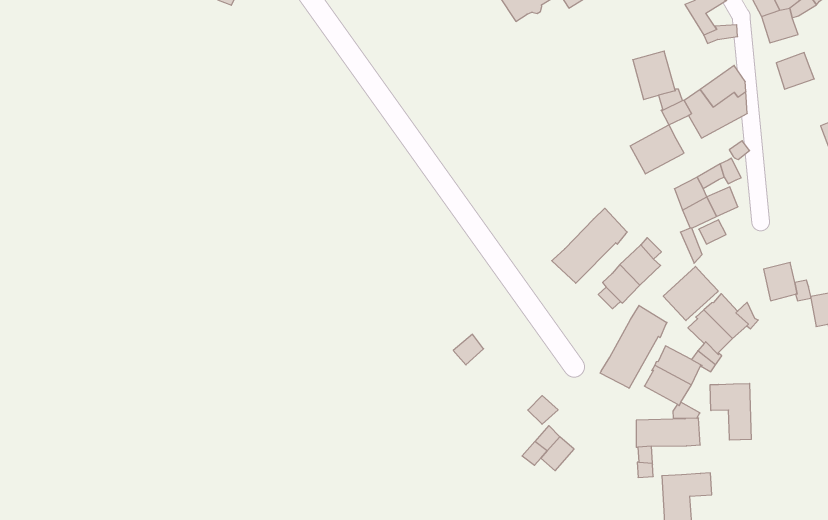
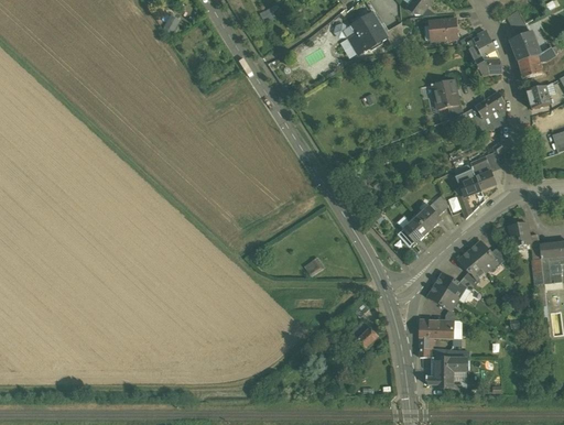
building: [630,125,684,174] -> none
building: [552,208,627,283] -> none
building: [663,266,718,321] -> none
building: [600,305,667,388] -> none
building: [710,383,751,440] -> none

